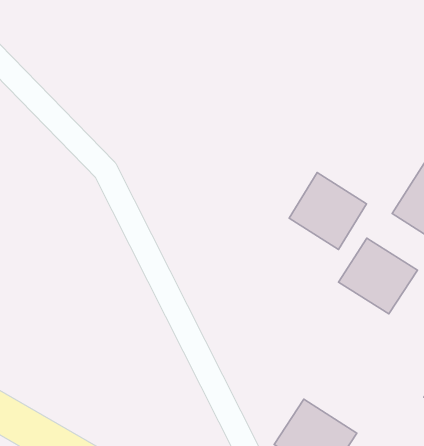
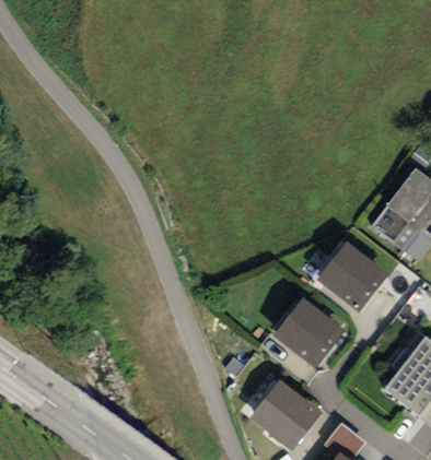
building: [289,173,367,249] -> none
building: none -> [273,298,346,369]

